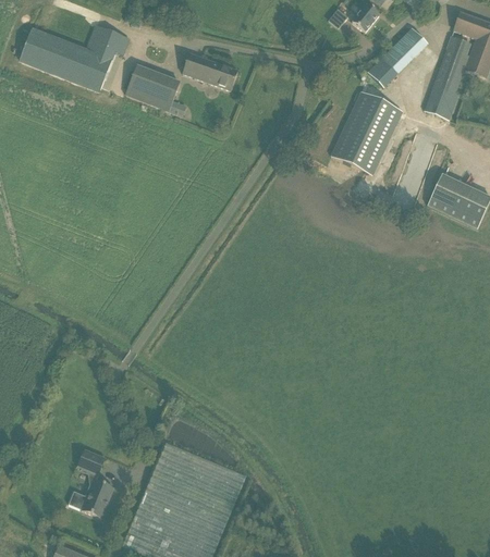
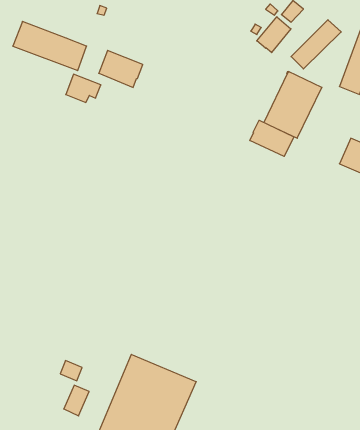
building: none -> [257,17,291,53]
building: [86,25,130,60] -> [66,74,101,102]
building: [183,53,238,89] -> none
building: none -> [250,120,294,156]

